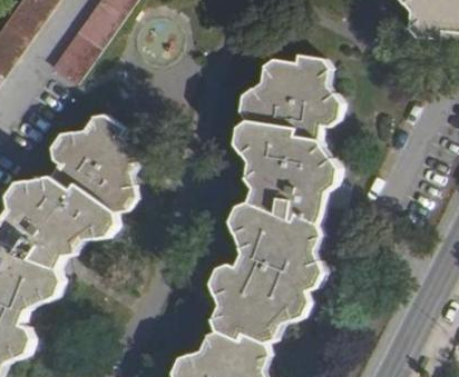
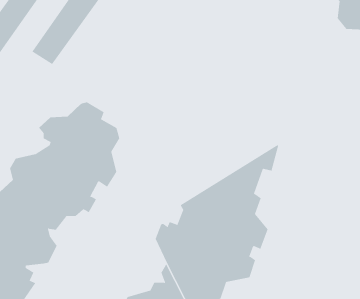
building: [216,72,354,239] -> none

